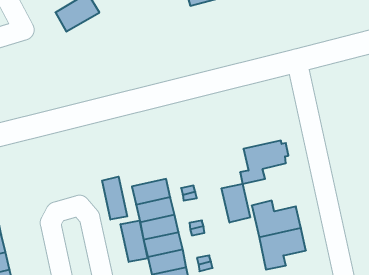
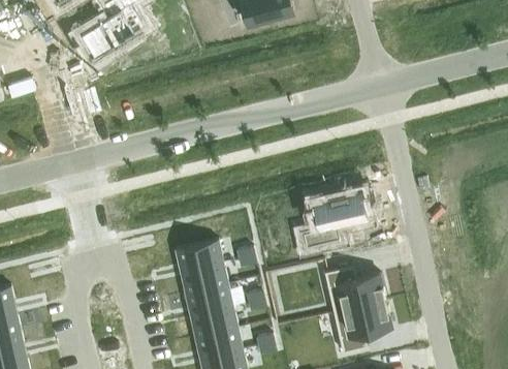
building: [102,177,127,220] -> none
building: [222,184,250,223] -> none
building: [121,220,148,262] -> none

